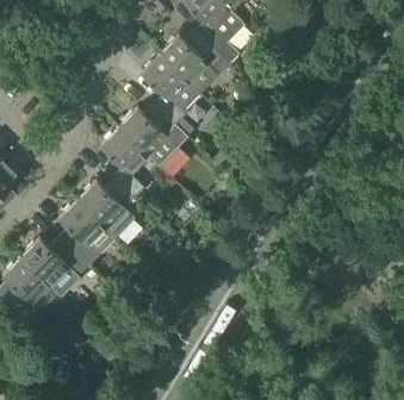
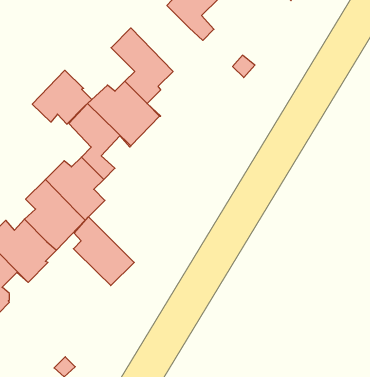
building: [159,33,228,96] -> none
building: none -> [32,70,92,124]
building: none -> [73,217,134,286]

